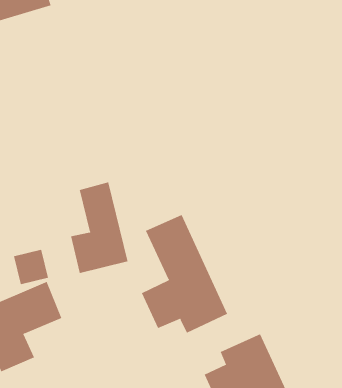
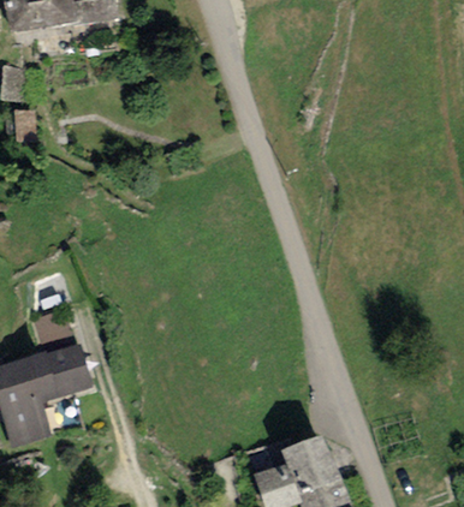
building: [70,182,128,274] -> none
building: [141,214,228,333] -> none

